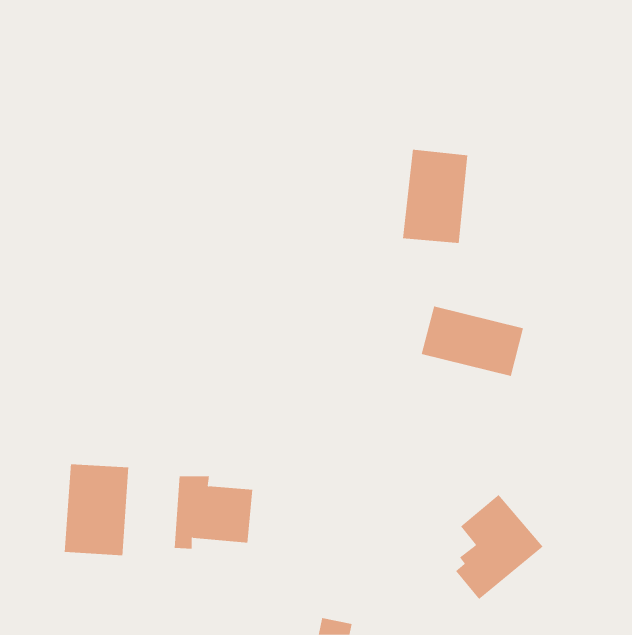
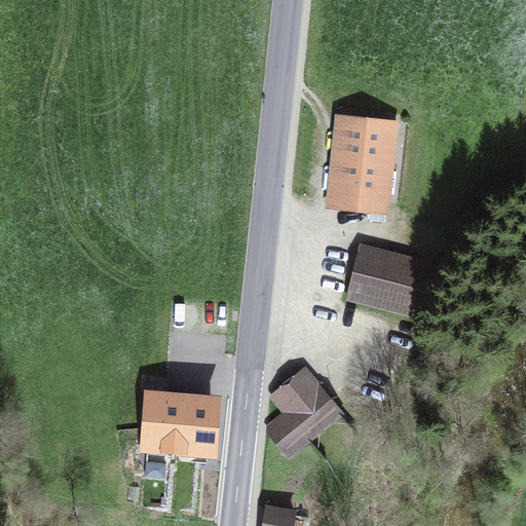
building: [64,463,129,556] -> none
building: [455,494,543,600] -> [266,370,339,457]

